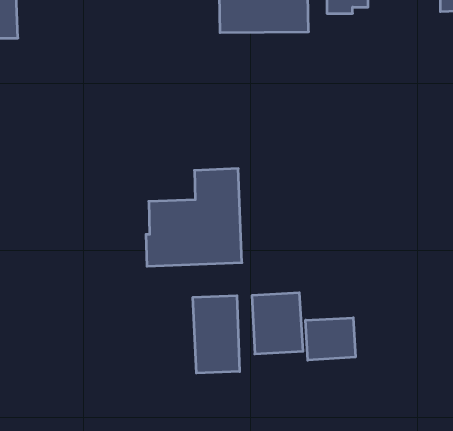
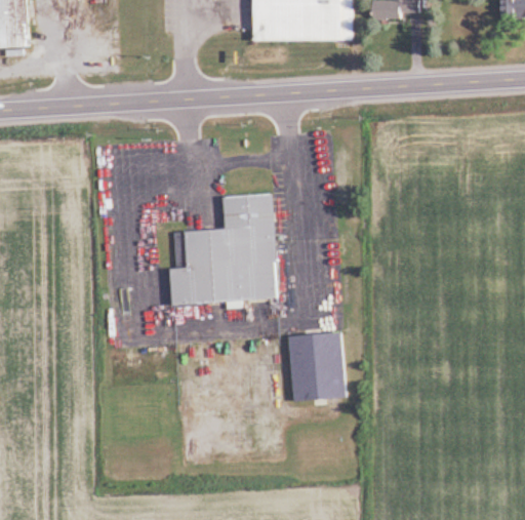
building: [193,296,240,373] -> none
building: [306,318,355,360] -> none

